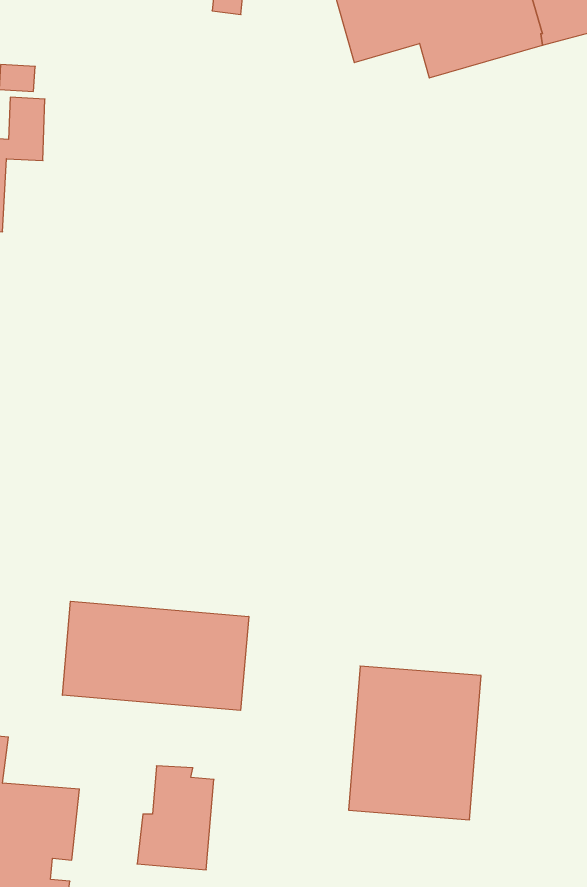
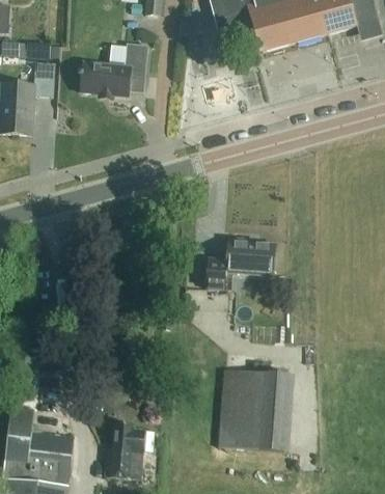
building: none -> [80,43,147,95]
building: none -> [207,237,275,290]
building: [62,601,249,710] -> none

